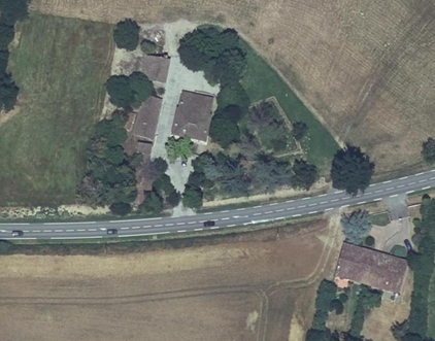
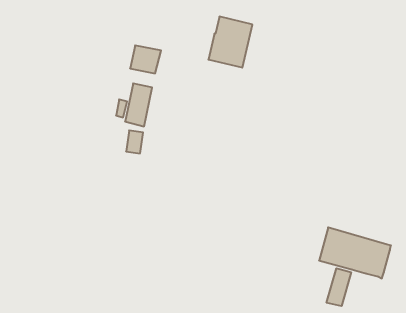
building: [170,90,215,142] -> [208,17,252,68]
building: none -> [327,268,351,306]

